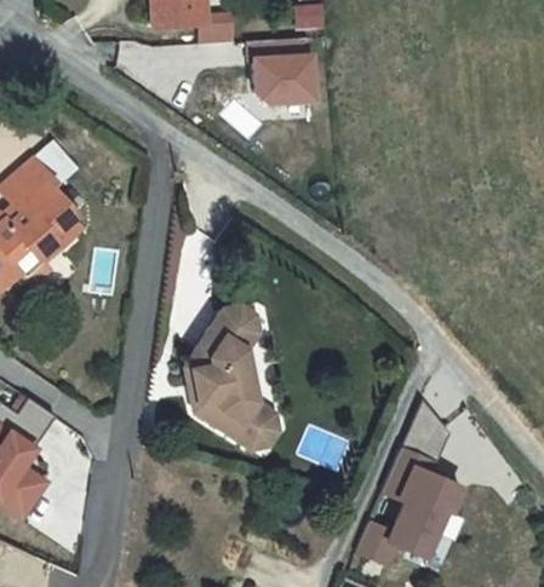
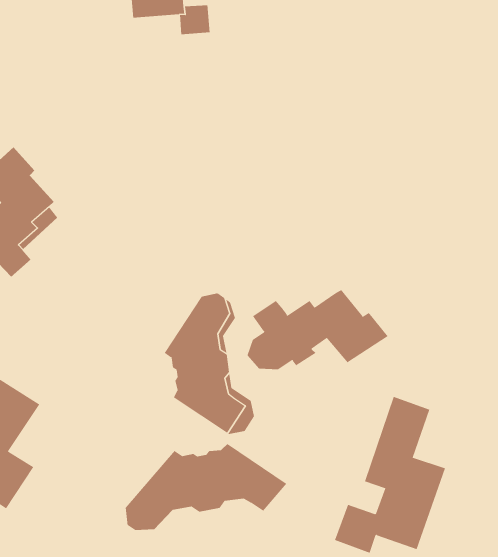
building: [250,39,315,102] -> none
building: none -> [247,289,389,370]
building: none -> [125,443,287,531]

